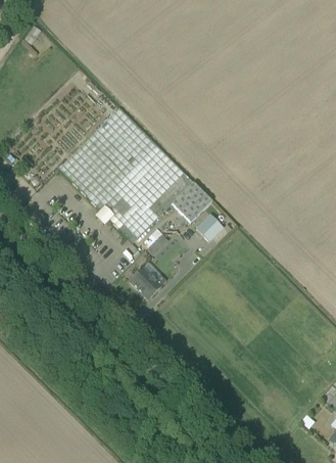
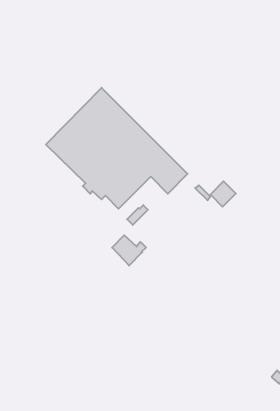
building: [196,214,224,241] -> [210,181,236,207]

